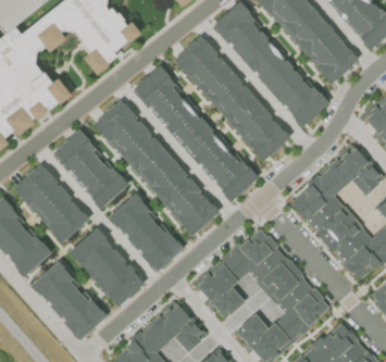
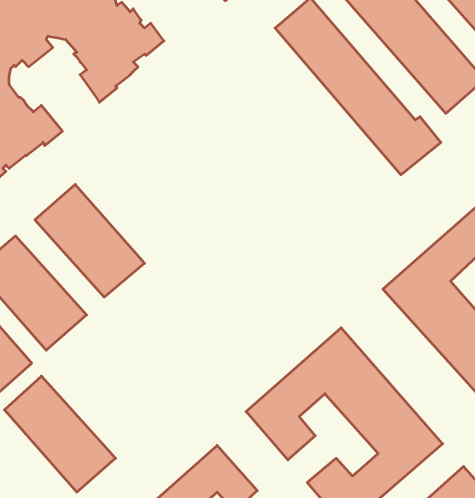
building: [174,35,290,160] -> none
building: [133,65,258,200] -> none
building: [92,100,219,235] -> none
building: [109,194,184,272] -> none
building: [71,229,144,307] -> none

